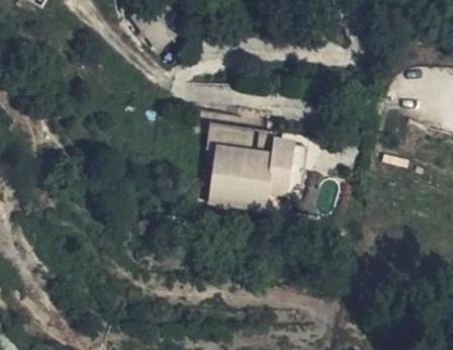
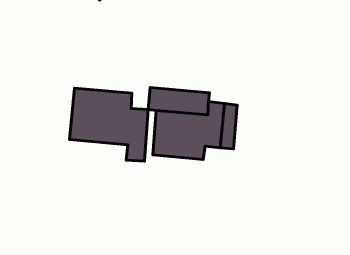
building: none -> [69,88,148,161]

